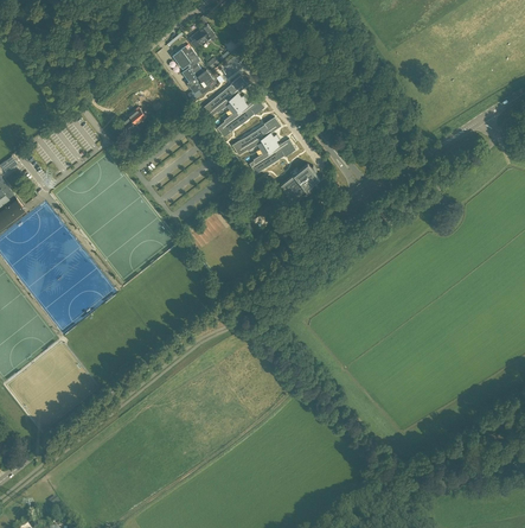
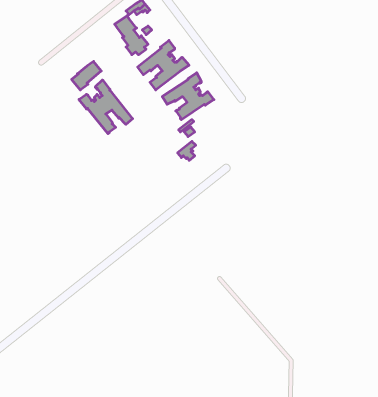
building: none -> [79,80,133,134]
building: [280,164,319,201] -> none

